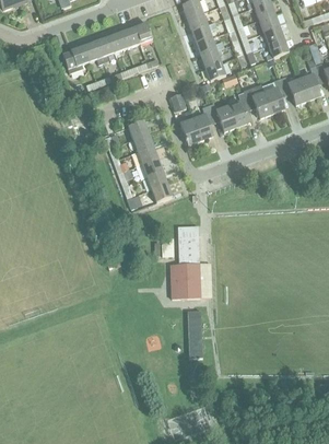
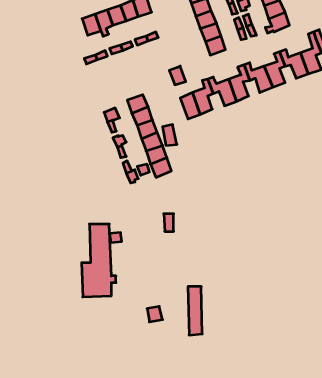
building: [62,45,89,73] -> none
building: [171,225,204,297] -> [82,224,116,297]

